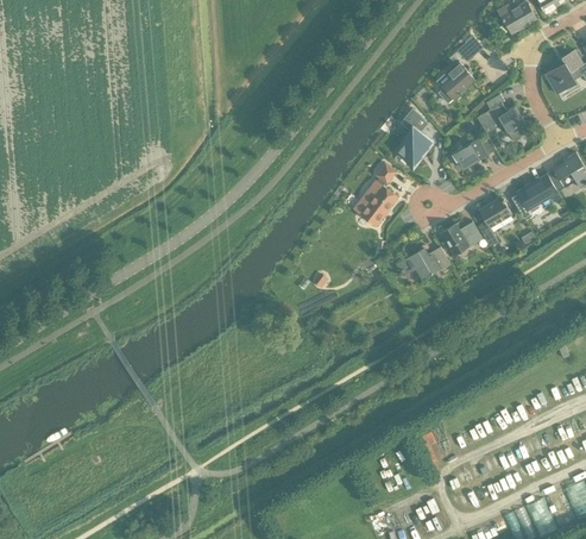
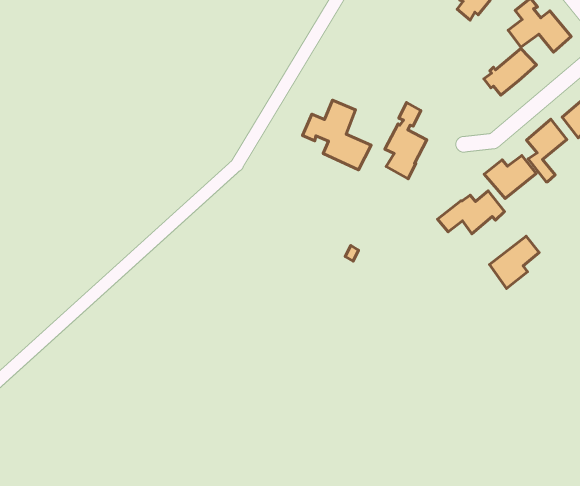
building: [398,108,434,164] -> none
building: none -> [302,100,371,170]
building: none -> [489,236,539,289]

